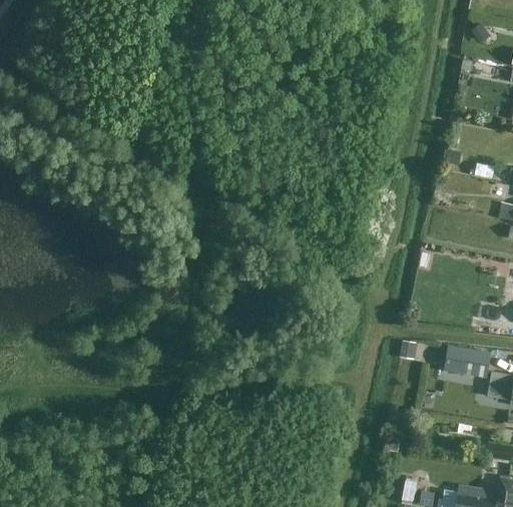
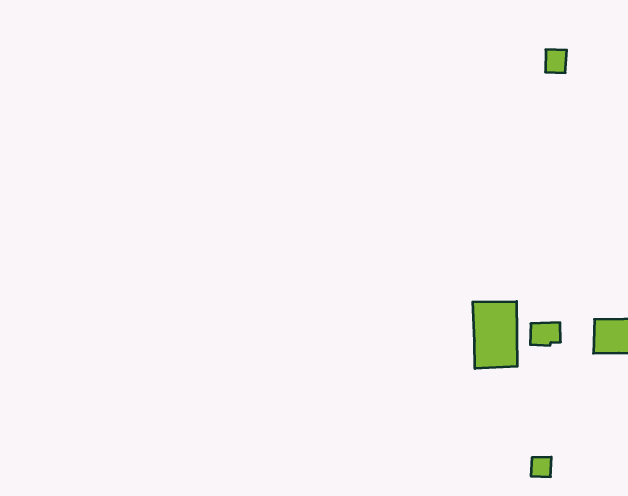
building: none -> [473,301,517,369]

